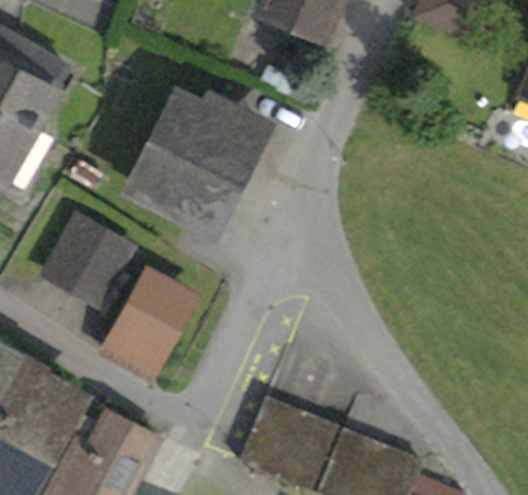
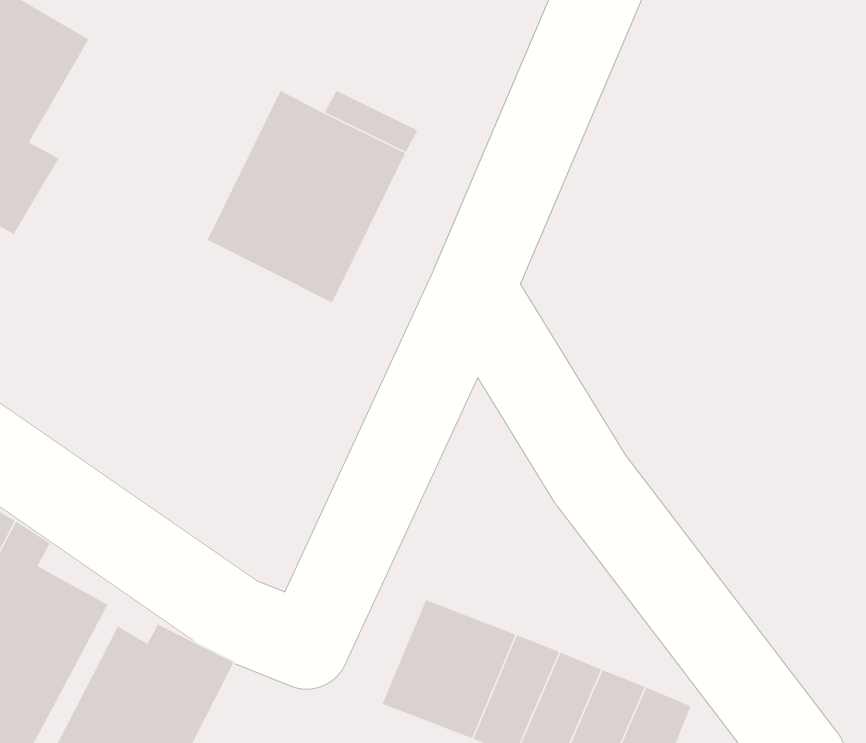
building: [44,218,129,304] -> none
building: [102,272,187,377] -> none

